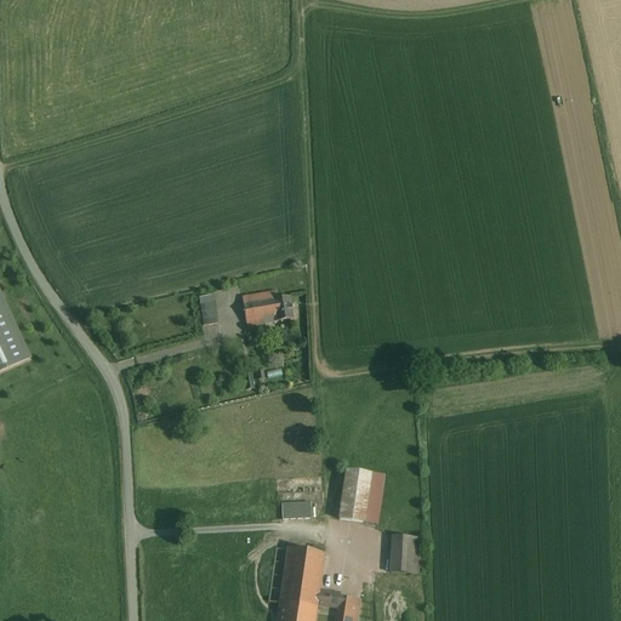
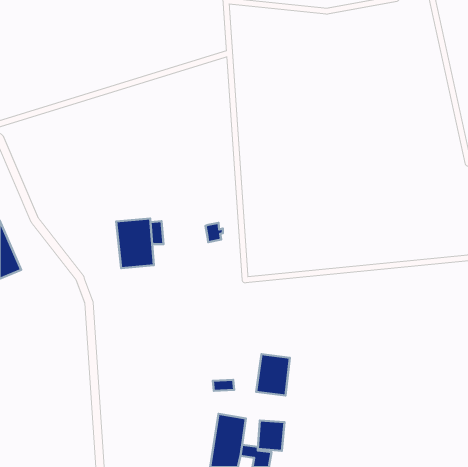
building: none -> [116,219,154,268]
building: [241,290,275,325] -> none
building: [389,534,425,574] -> [258,420,284,451]

